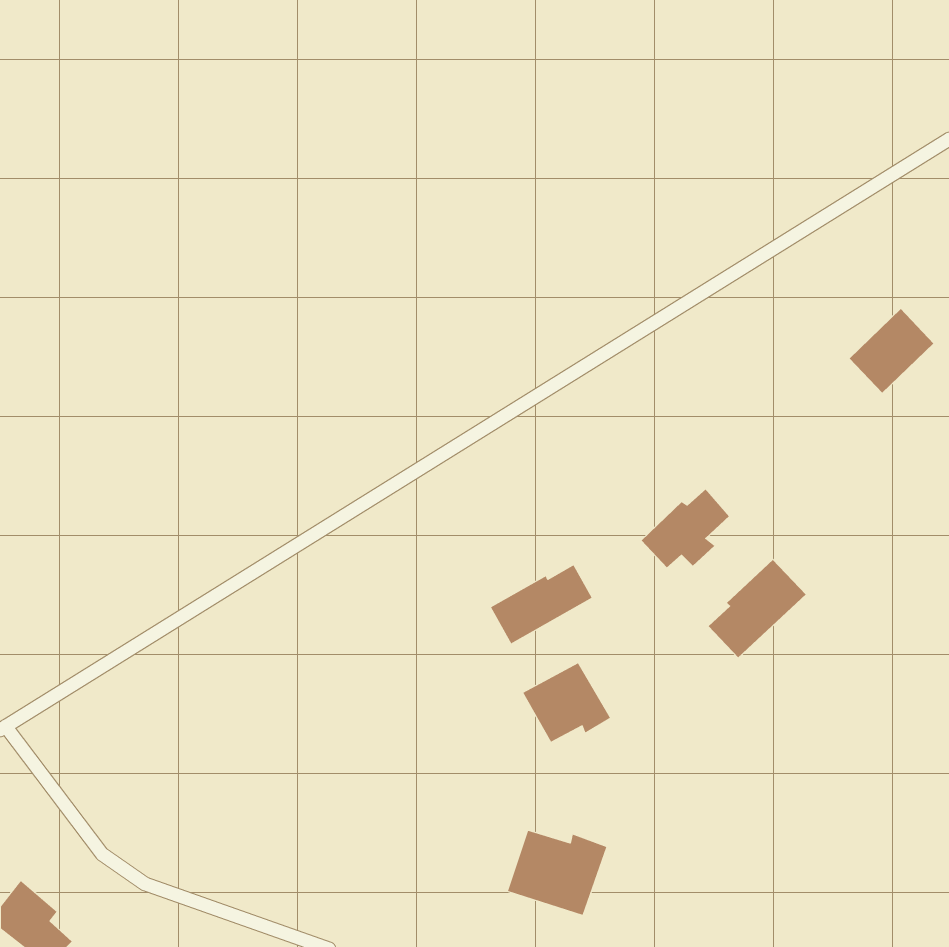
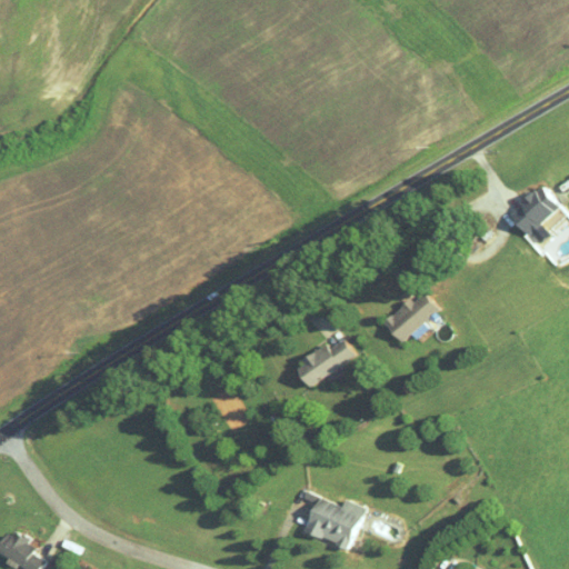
building: [708,559,807,658] -> none
building: [523,662,611,742] -> none

